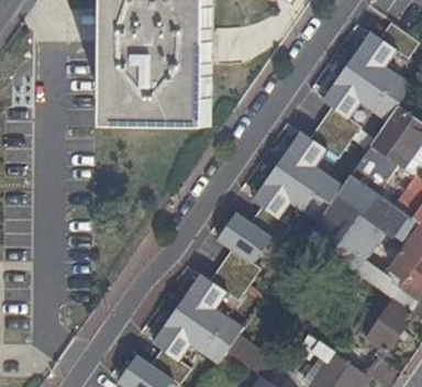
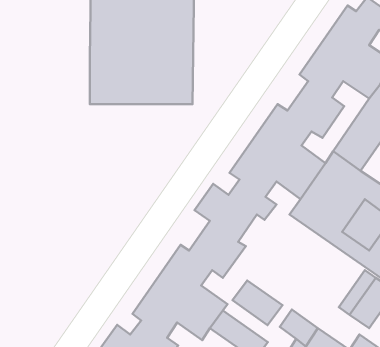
building: none -> [233,280,282,325]

